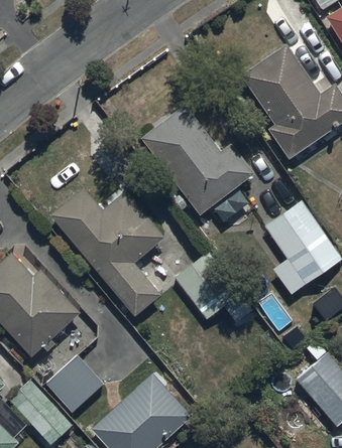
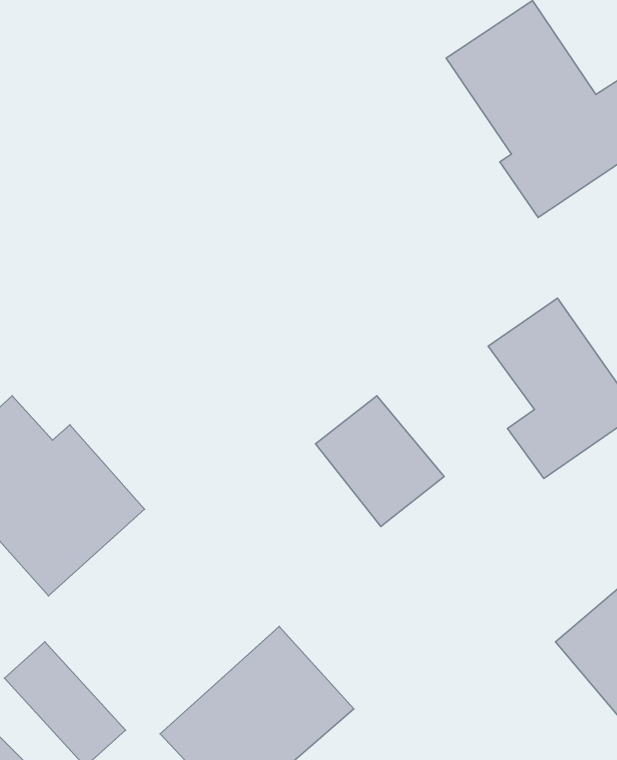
building: [139,106,254,222] -> none
building: [51,187,165,315] -> none
building: [45,356,102,412] -> none

